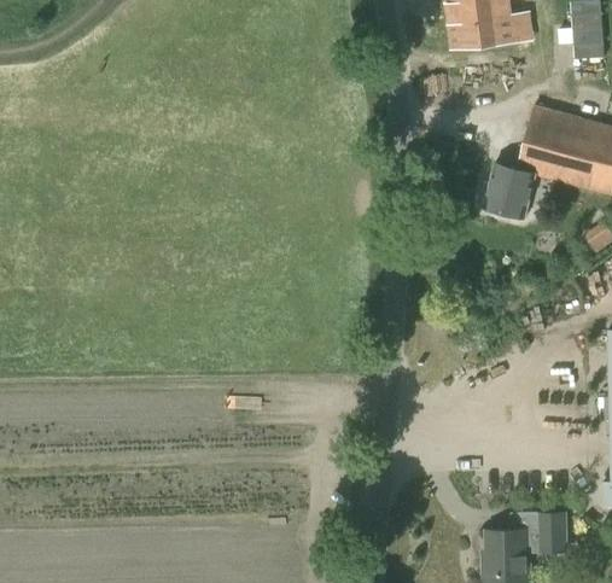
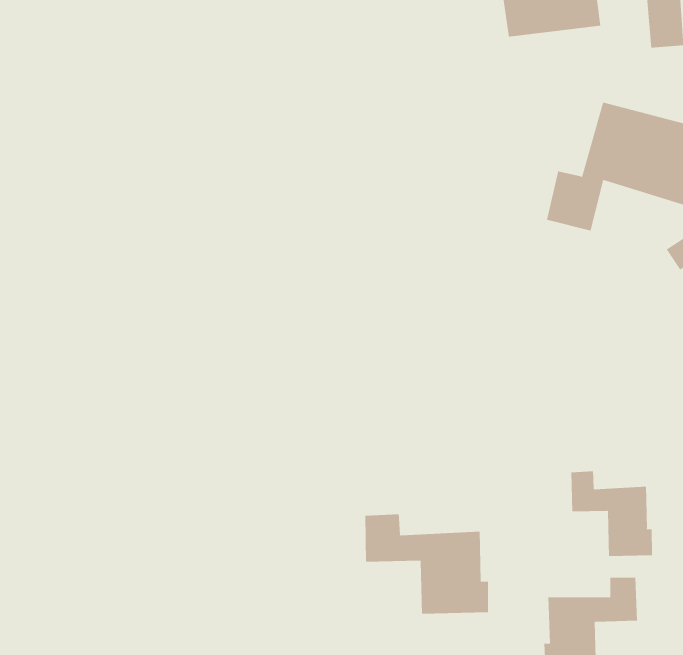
building: none -> [571,471,652,557]
building: none -> [365,514,489,615]

